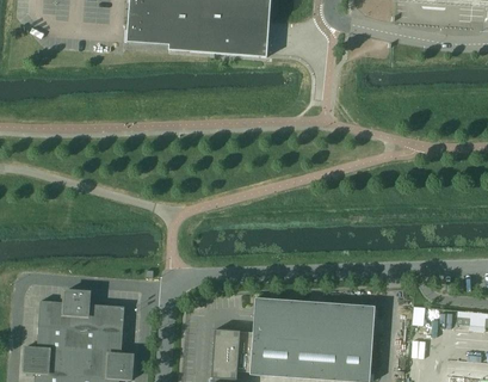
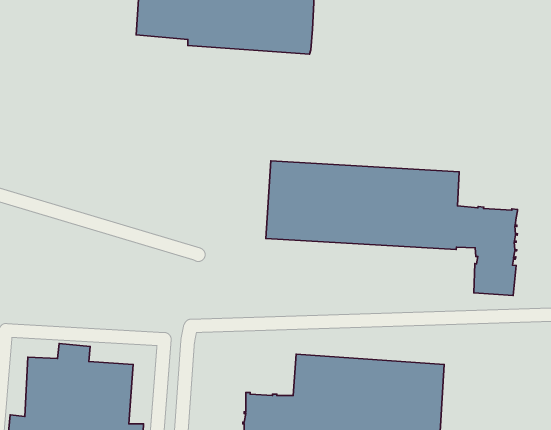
building: none -> [266,161,518,296]

